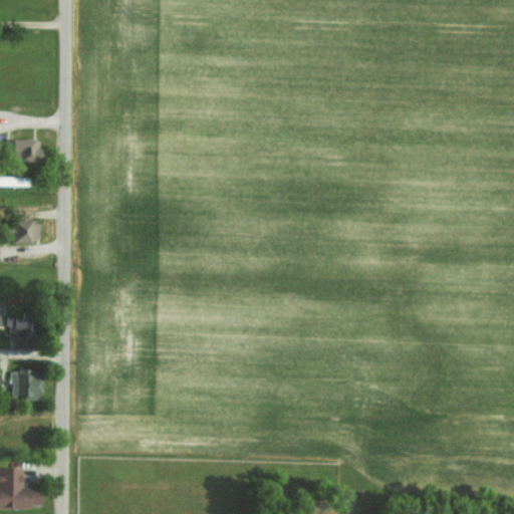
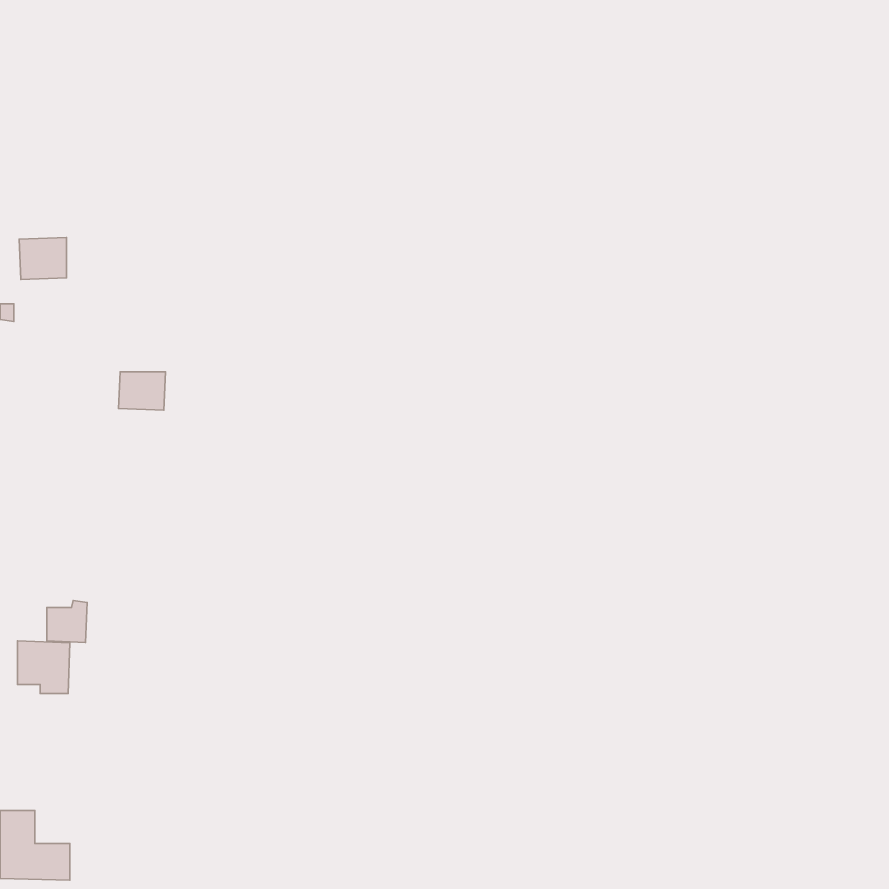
building: [12,221,39,243] -> [118,372,166,410]
building: [9,313,32,337] -> [47,601,87,643]

